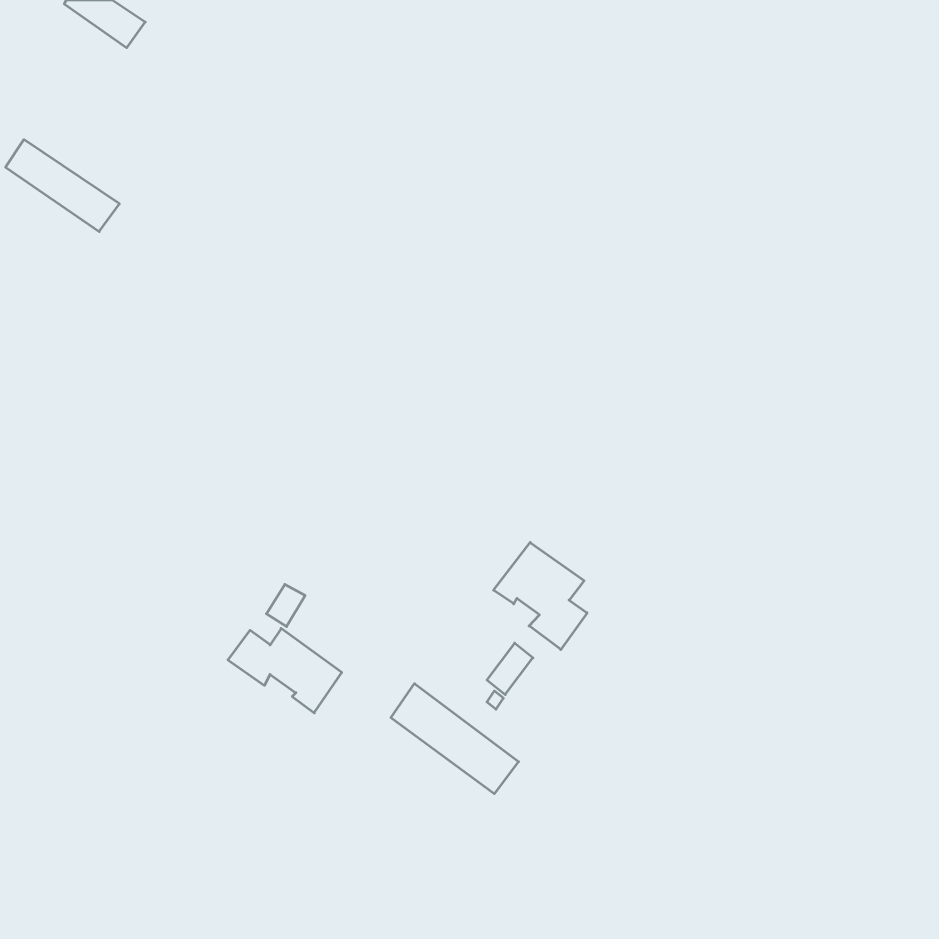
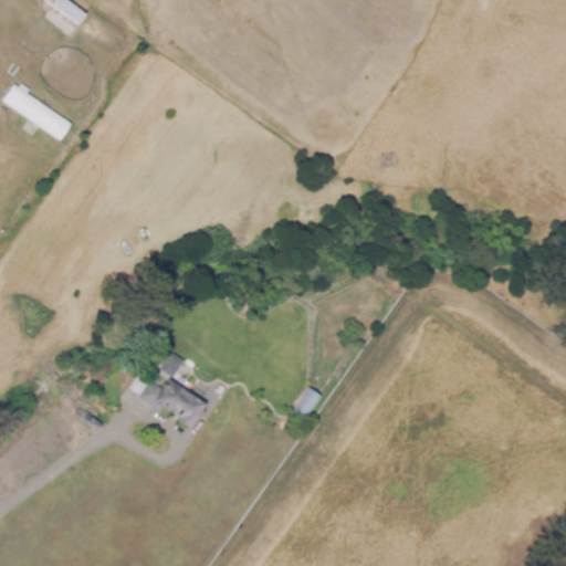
building: [494,542,587,650] -> none
building: [391,684,519,794] -> none

